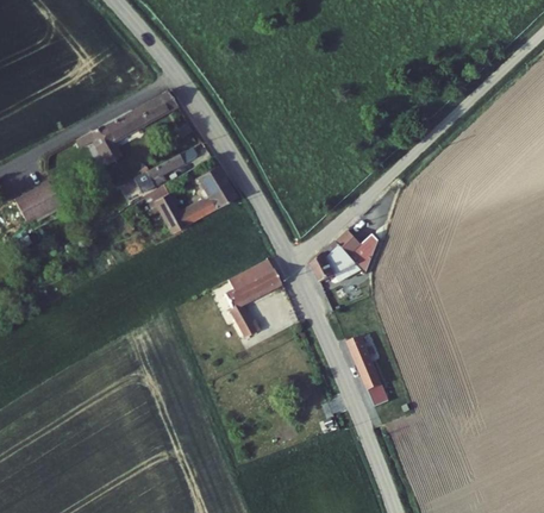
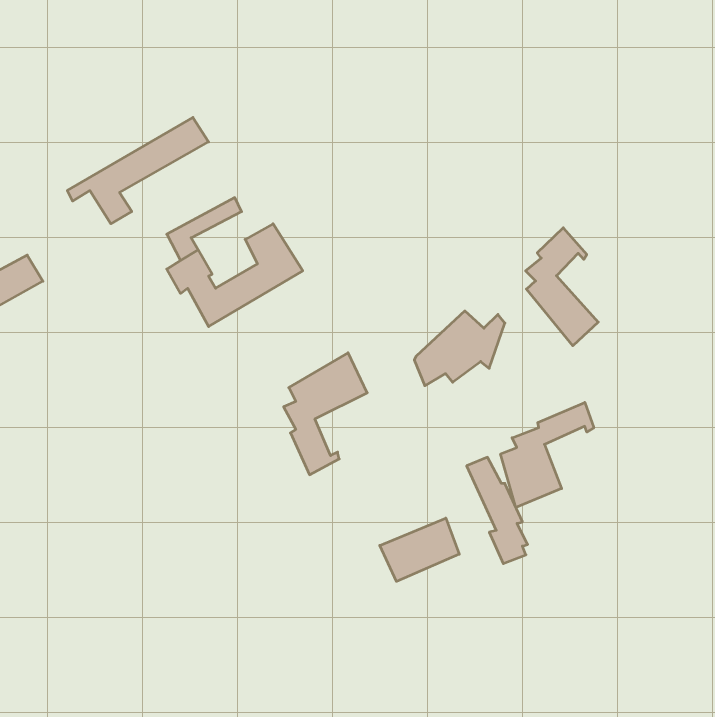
building: none -> [526,228,598,346]
building: none -> [501,402,594,508]
building: none -> [380,518,459,581]

